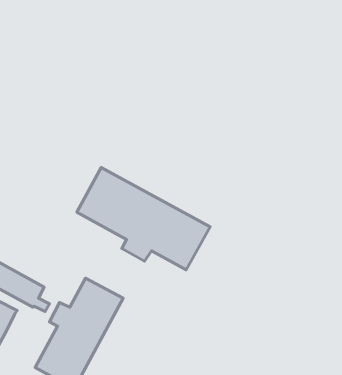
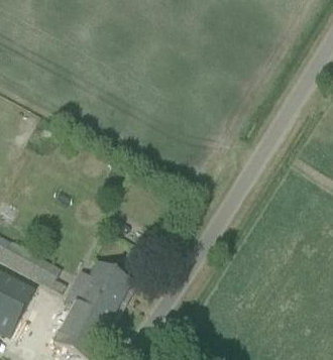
building: [77,168,210,270] -> none

